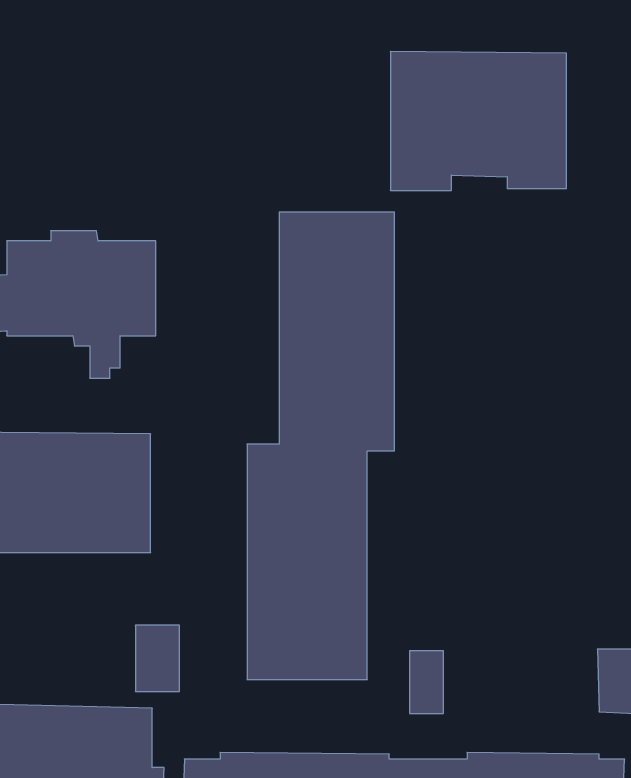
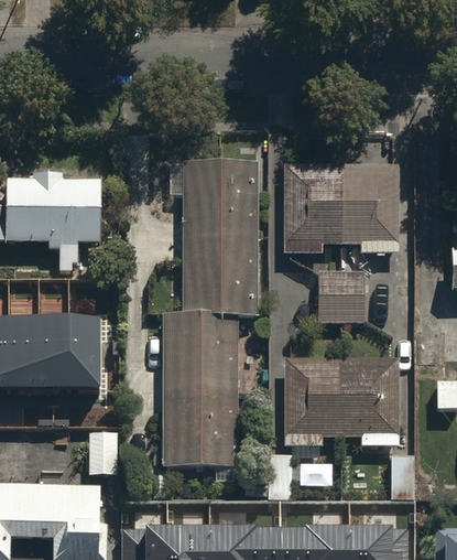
building: [390,51,566,190] -> [283,166,398,257]
building: none -> [316,273,362,323]
building: none -> [281,359,399,449]

